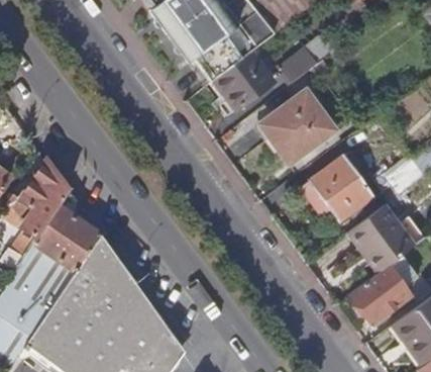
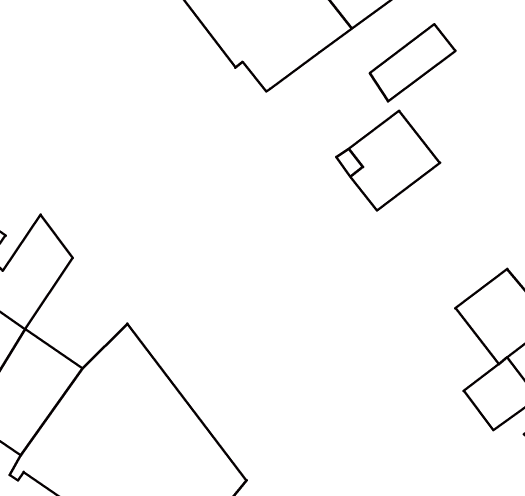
building: [210,49,267,106] -> none
building: [298,154,370,219] -> none
building: [33,197,107,277] -> none

